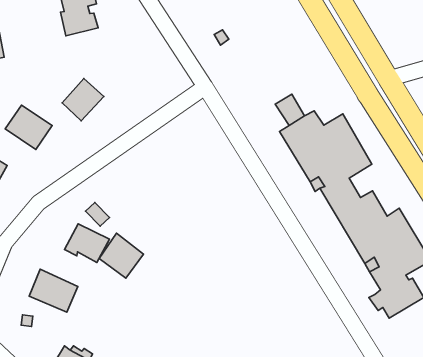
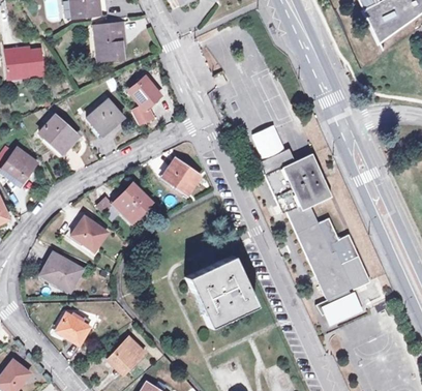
building: none -> [130,77,159,124]
building: none -> [165,158,202,192]
building: [99,233,143,278] -> [116,181,152,218]
building: none -> [187,255,255,326]

